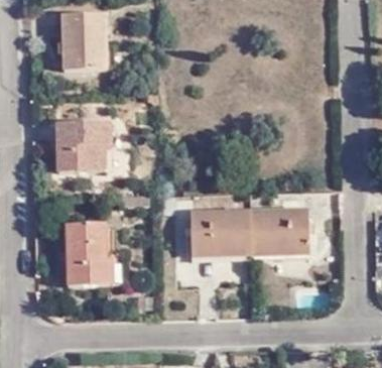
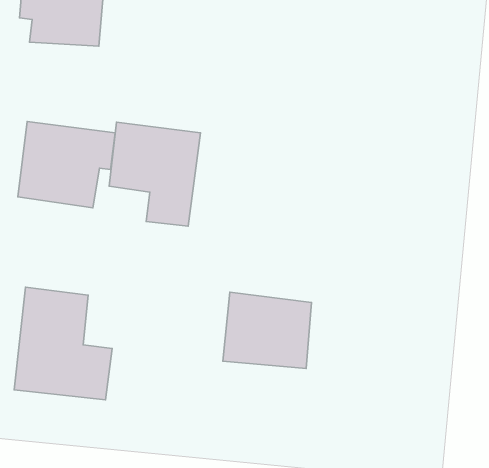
building: none -> [109,122,200,226]
building: [248,212,312,253] -> none

